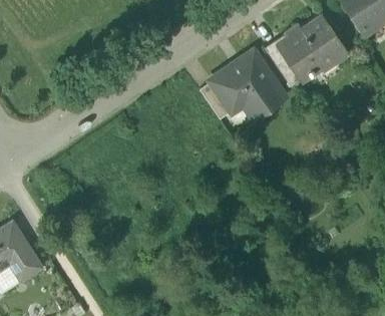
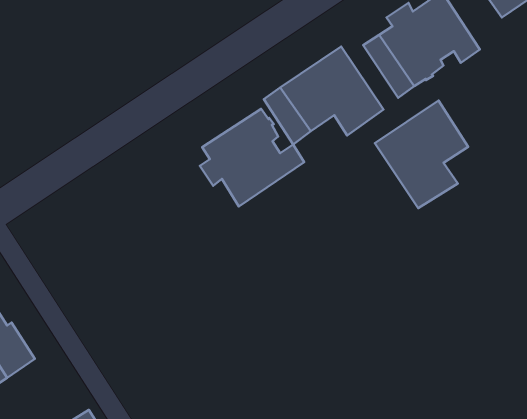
building: none -> [375,100,468,208]
building: none -> [200,109,304,207]

